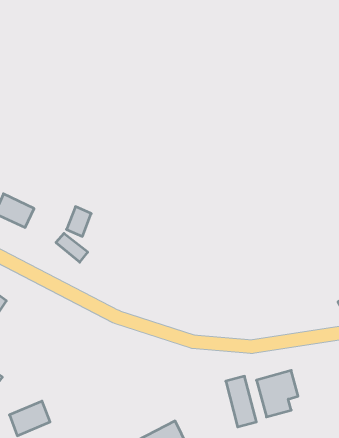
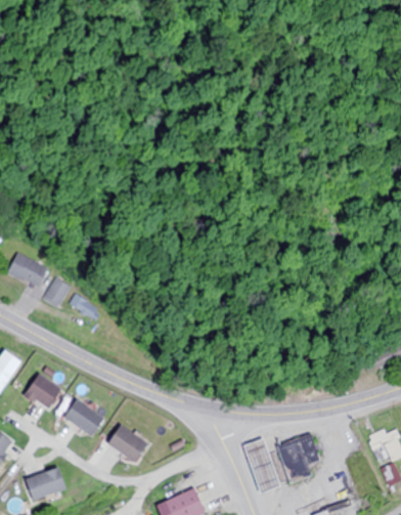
building: [66,207,91,236] -> [46,277,72,308]
building: none -> [24,374,61,411]
building: none -> [62,399,104,437]
building: none -> [105,425,146,463]

